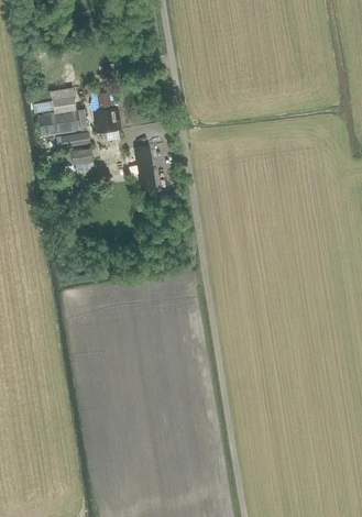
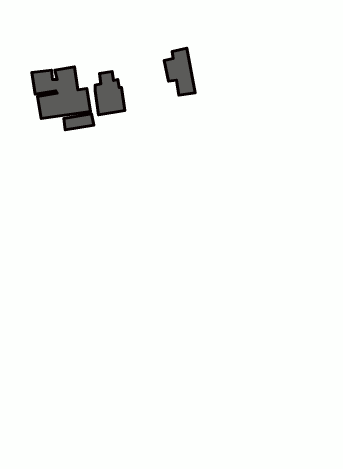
building: [129,145,158,190] -> [164,48,195,95]
building: [73,147,97,177] -> none

